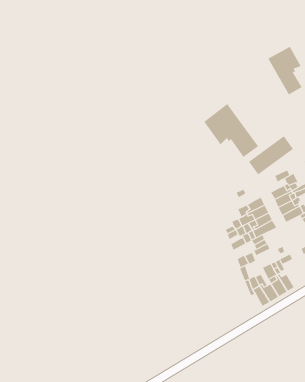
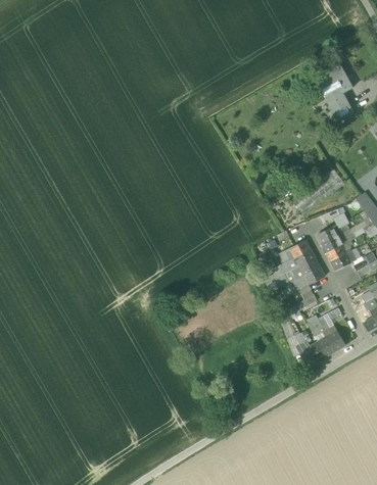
building: [203,103,259,158] -> none

